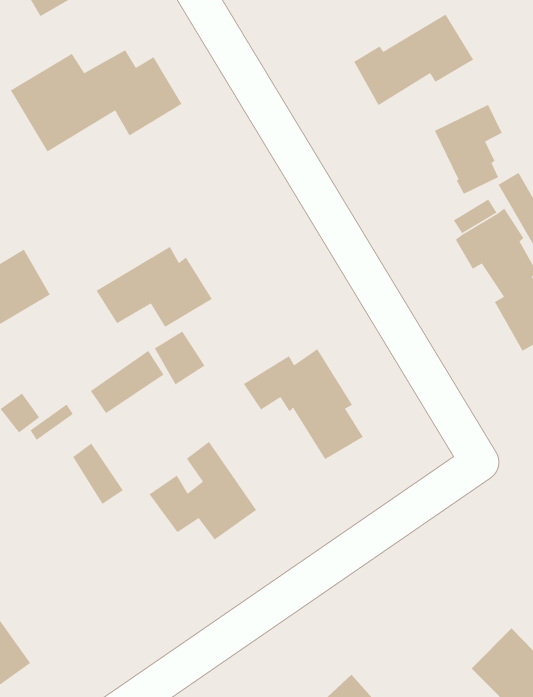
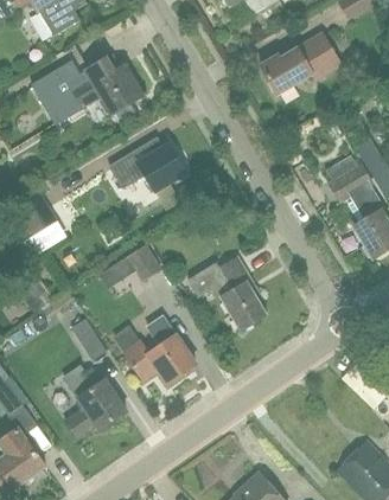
building: [434,104,503,195] -> none
building: [95,246,213,328] -> [108,136,186,191]
building: none -> [64,365,127,438]

